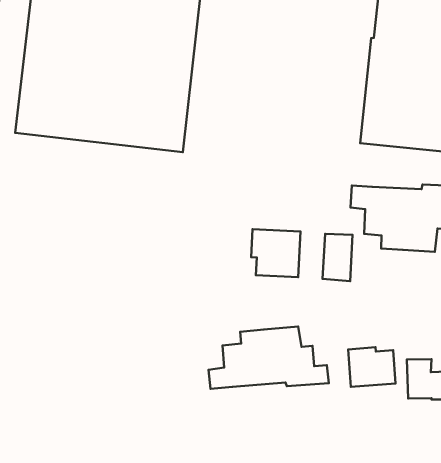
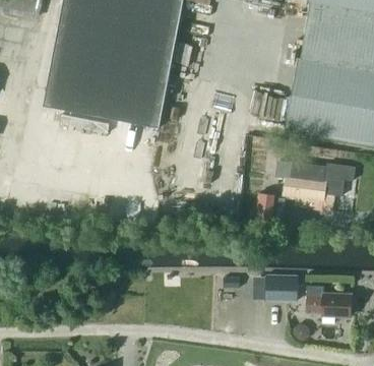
building: [251,229,300,277] -> none
building: [209,326,329,389] -> none

